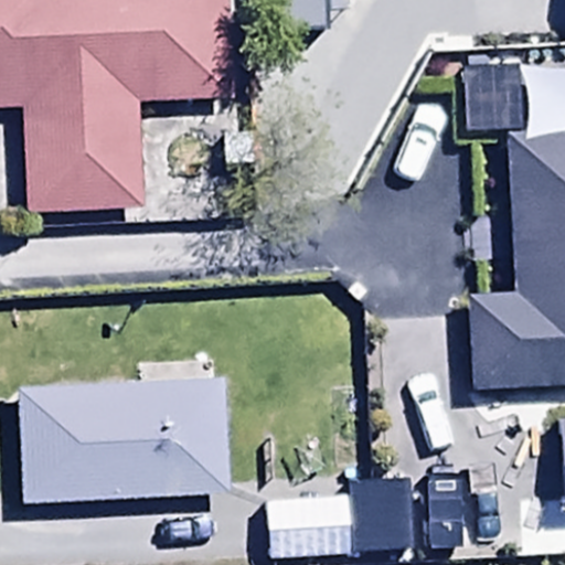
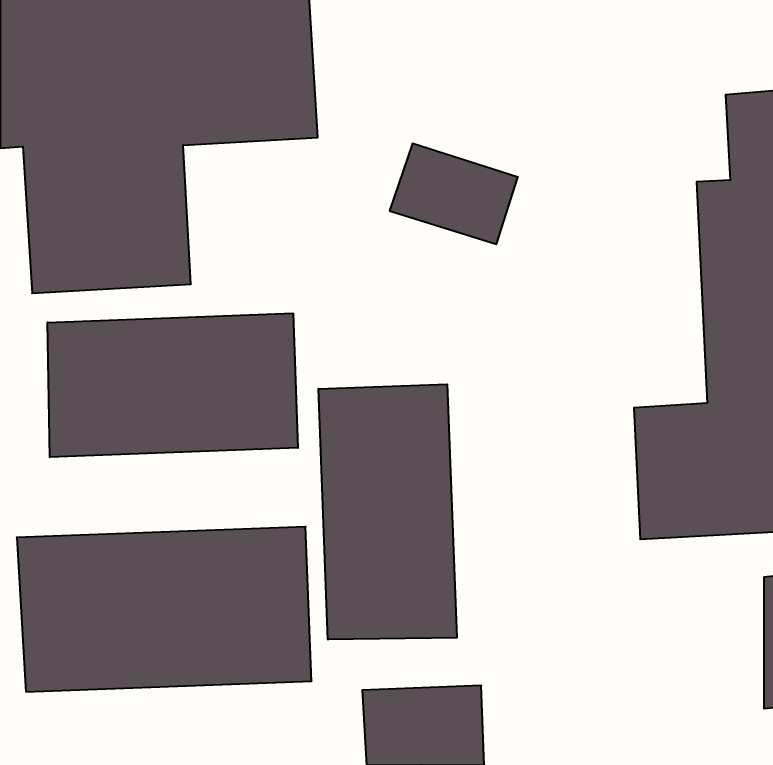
building: none -> [48,313,298,457]
building: none -> [319,384,457,640]

